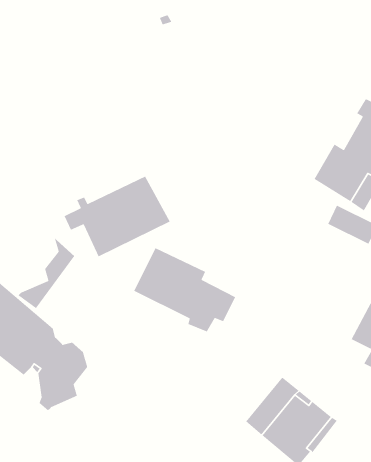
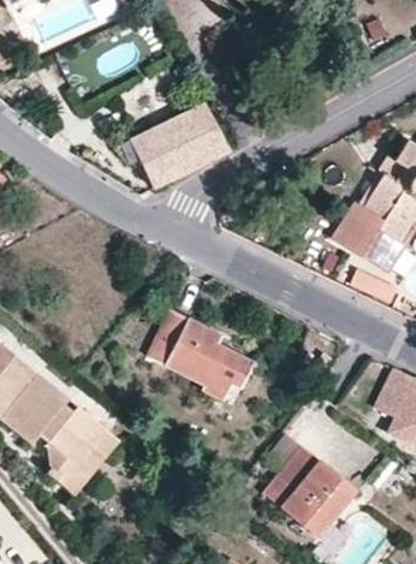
building: [64,176,171,258] -> [117,102,228,188]
building: [18,237,75,309] -> [58,420,118,495]

